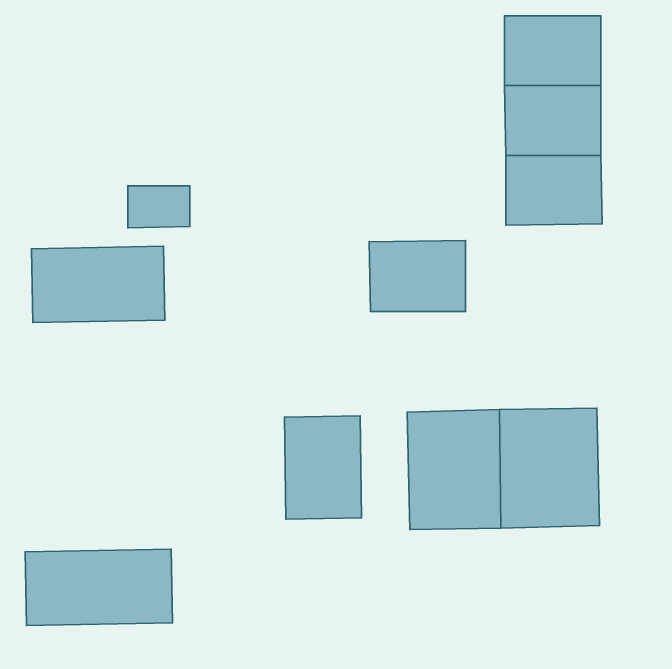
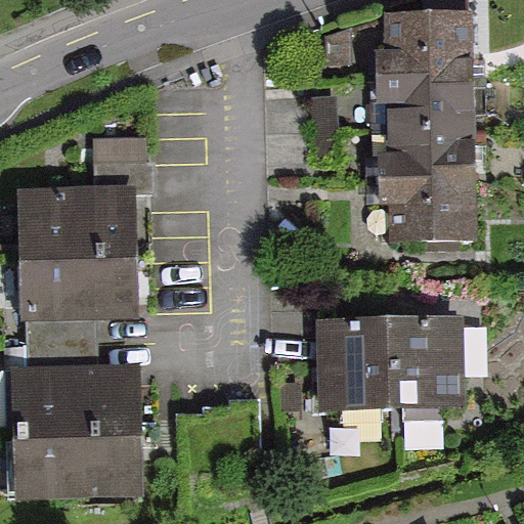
building: [369,240,465,312] -> [393,174,468,229]
building: none -> [26,249,129,308]
building: [285,416,362,519] -> none
building: none -> [18,370,133,429]

